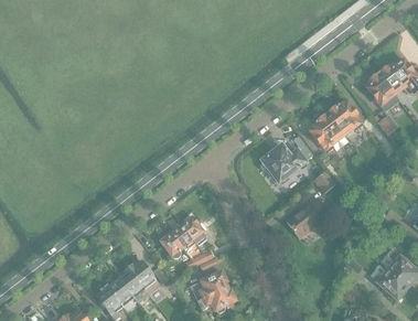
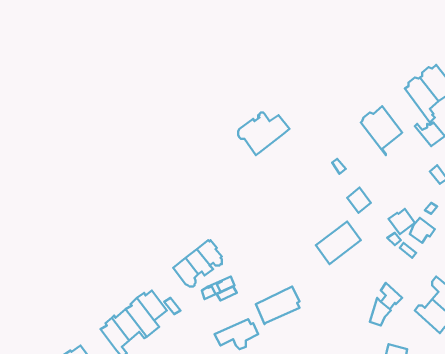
building: [308,114,347,151] -> none
building: [259,147,304,184] -> [238,113,290,155]
building: [187,268,226,301] -> [256,286,300,324]

